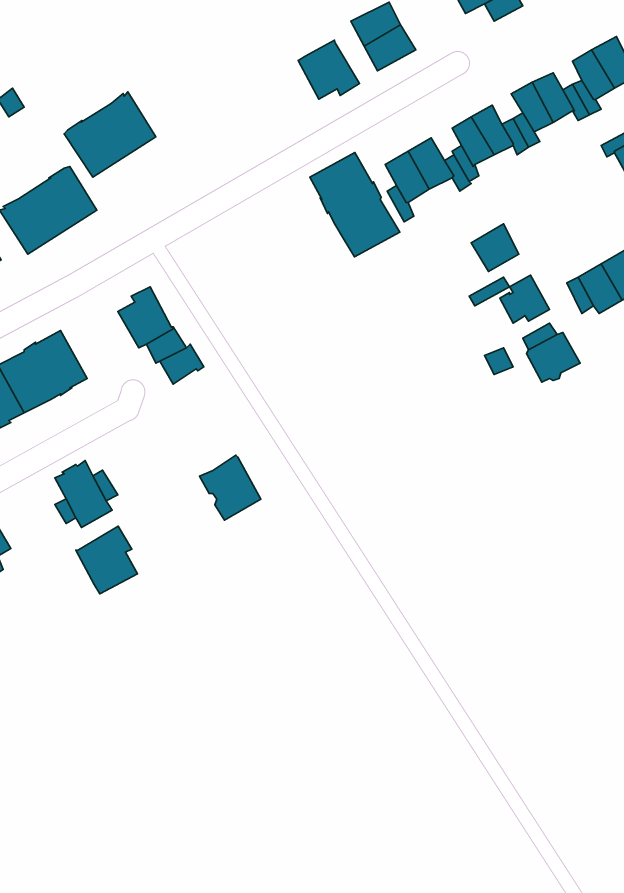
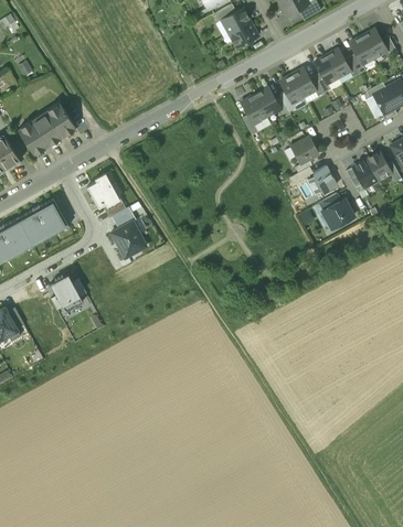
building: [298,40,359,99] -> none
building: [64,92,156,177] -> none
building: [310,152,400,257] -> none
building: [200,455,261,520] -> [110,221,146,258]
building: [76,526,138,594] -> none

